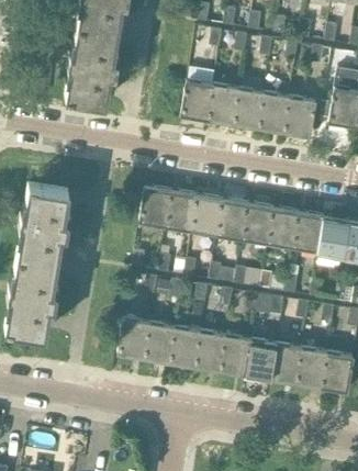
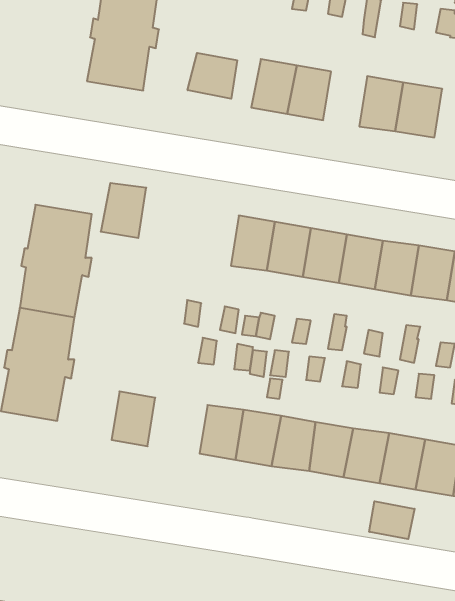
building: none -> [188,53,237,99]
building: [232,90,262,128] -> none
building: [141,188,172,226] -> [101,183,146,238]
building: [120,319,150,358] -> [112,391,155,446]
building: none -> [369,501,415,539]

